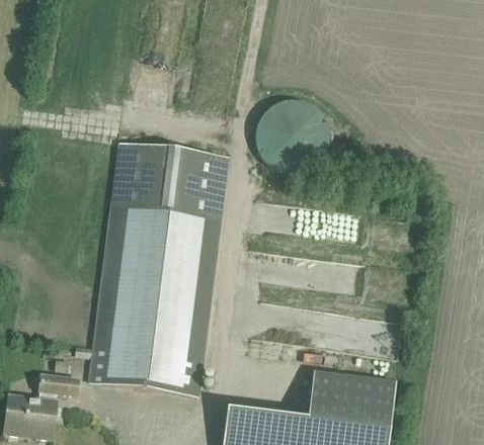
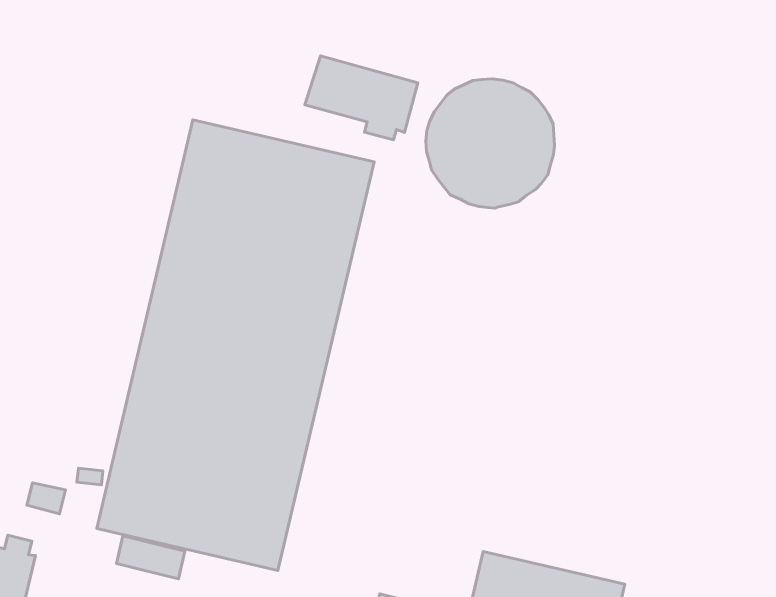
building: none -> [305,56,418,140]
building: [38,373,77,394] -> [116,536,185,579]

